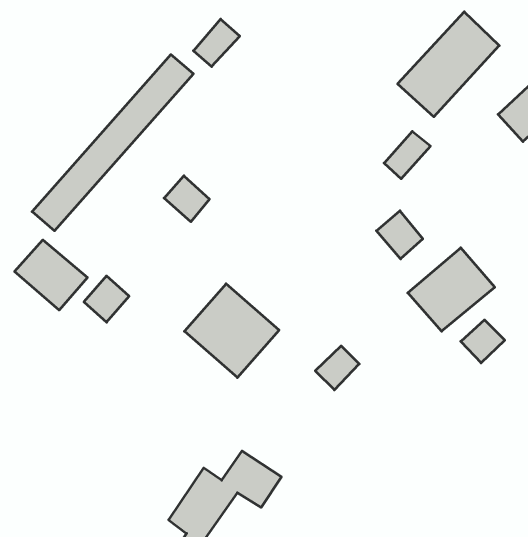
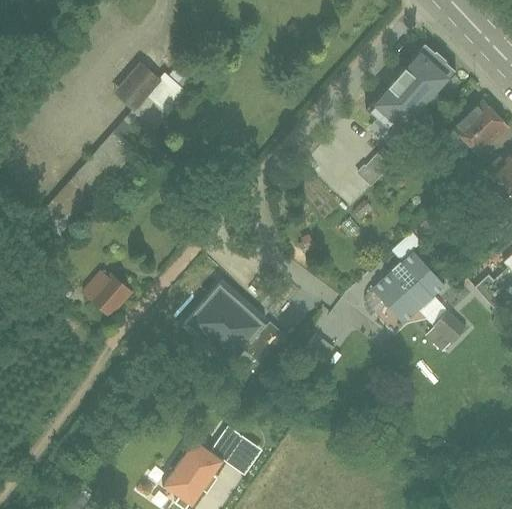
building: [193,19,240,67] -> [118,61,159,103]
building: [164,176,209,222] -> none
building: [376,211,423,259] -> none
building: [15,240,87,310] -> none

